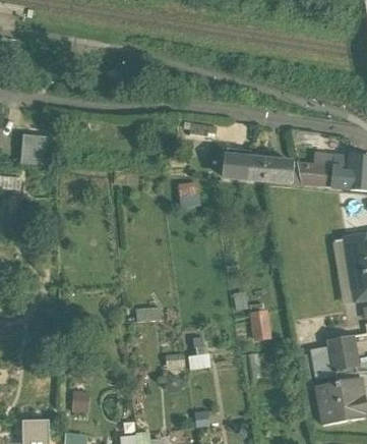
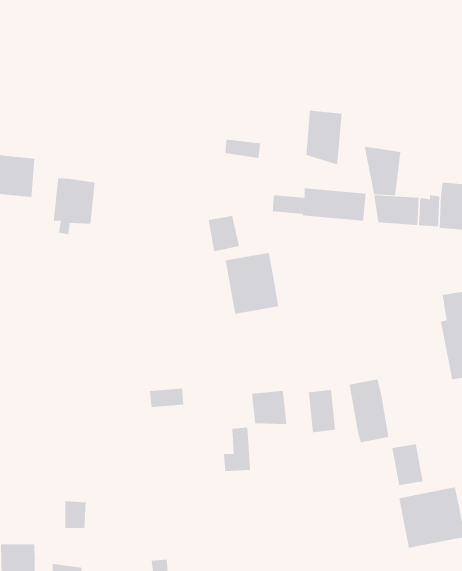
building: none -> [306,110,342,165]
building: none -> [53,177,95,235]
building: none -> [225,252,279,315]
building: none -> [251,390,287,425]
building: [328,336,358,383] -> [349,379,389,443]

